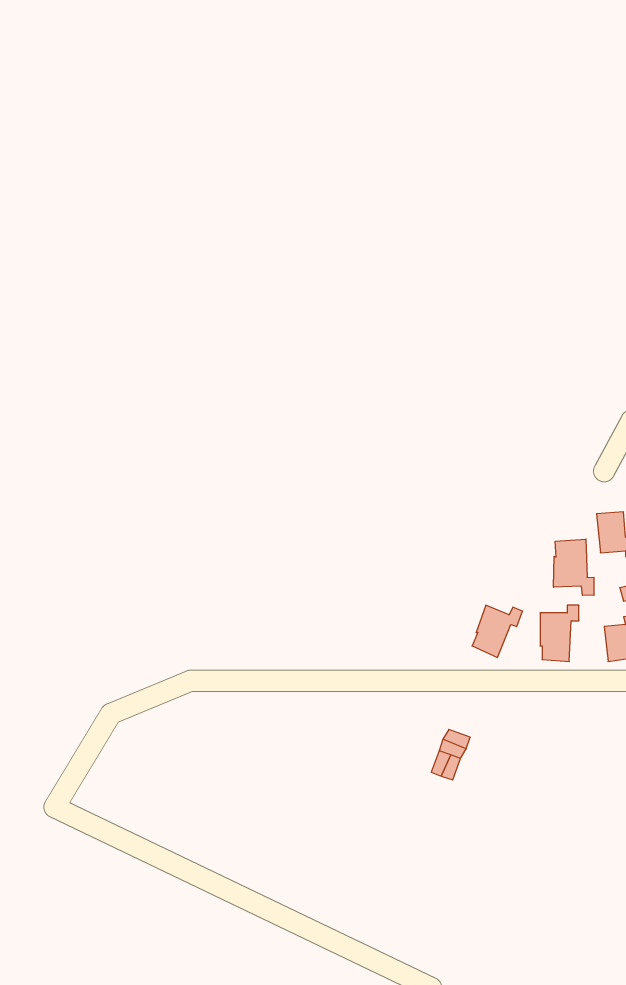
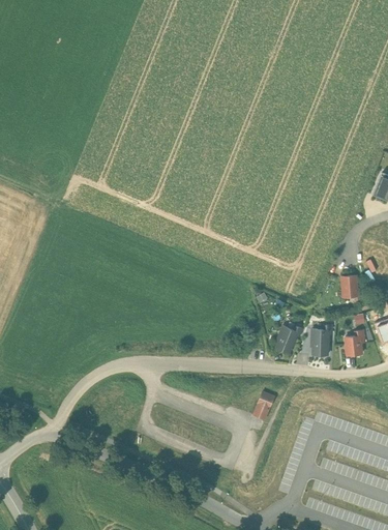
building: [554,539,594,595] -> none

